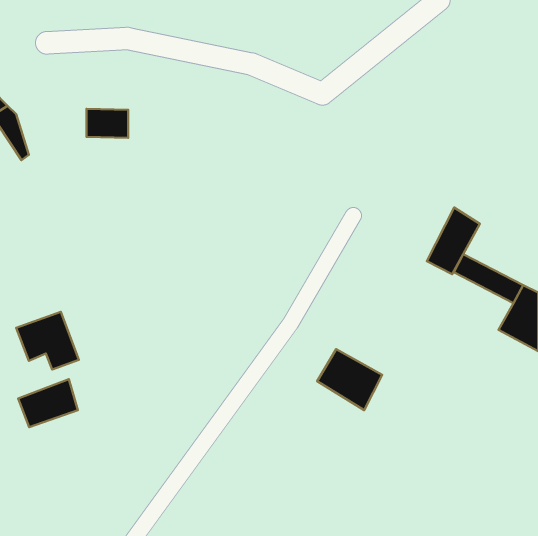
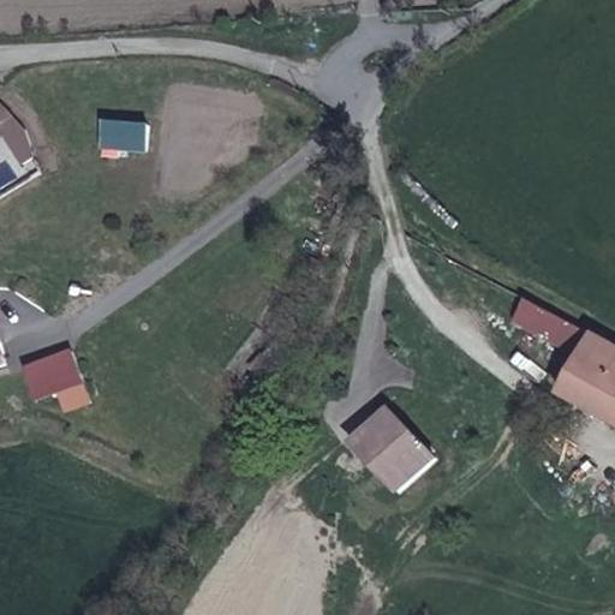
building: [427,207,480,274] -> none
building: [18,379,78,427] -> none

